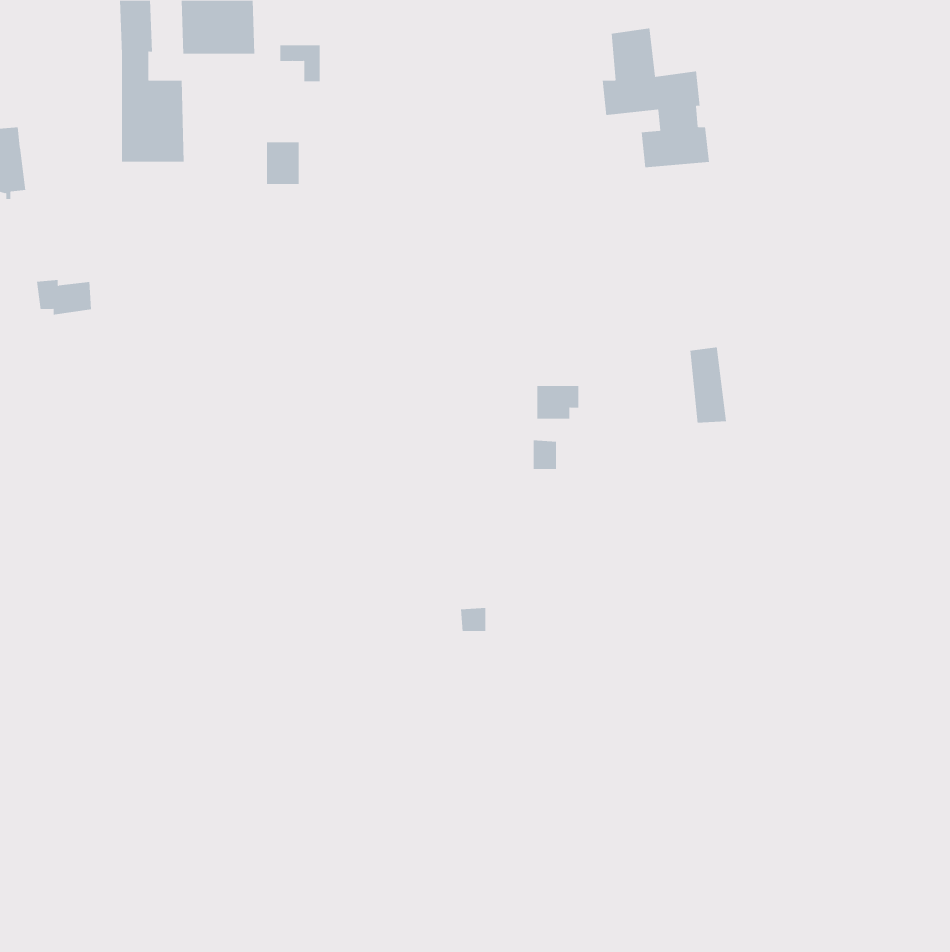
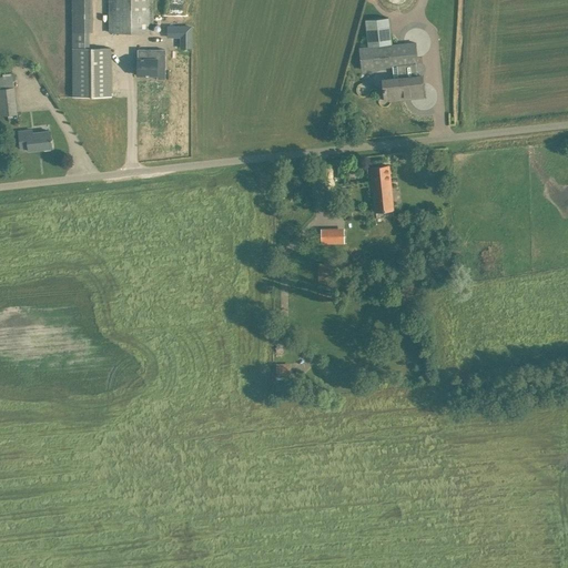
building: [266,142,300,185] -> [136,49,156,74]
building: [36,280,92,315] -> [18,130,51,151]
building: [690,347,727,423] -> [371,165,393,211]

